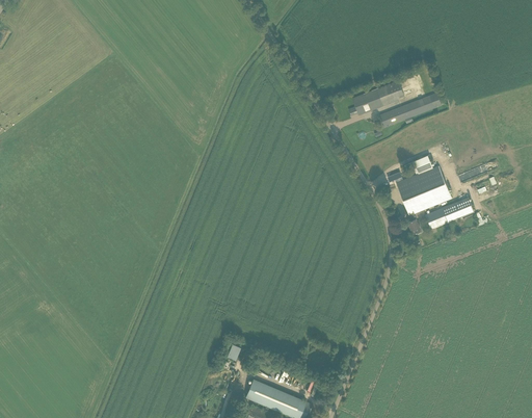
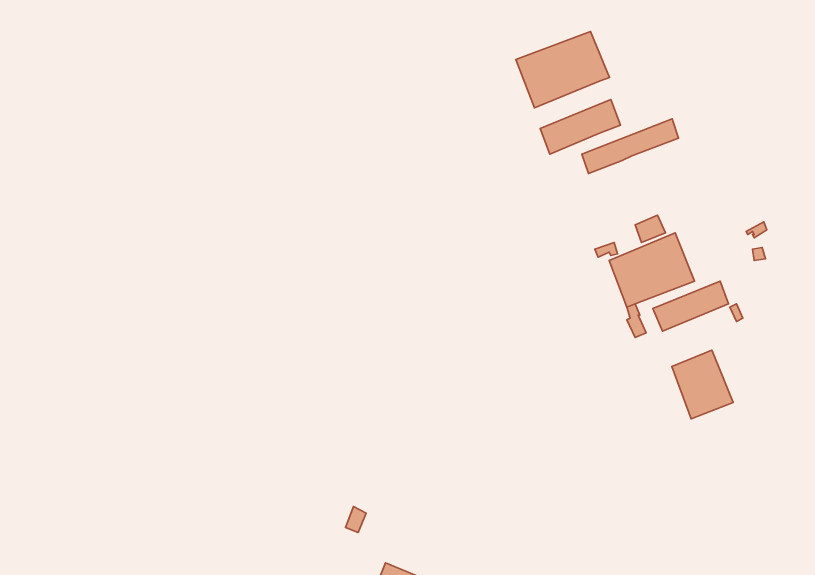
building: none -> [516,31,609,108]
building: none -> [672,350,733,419]

